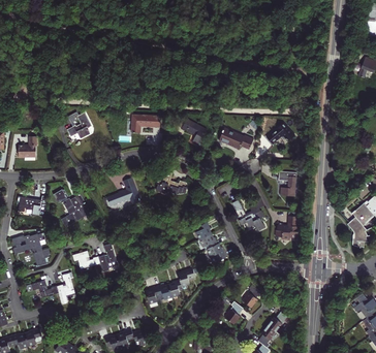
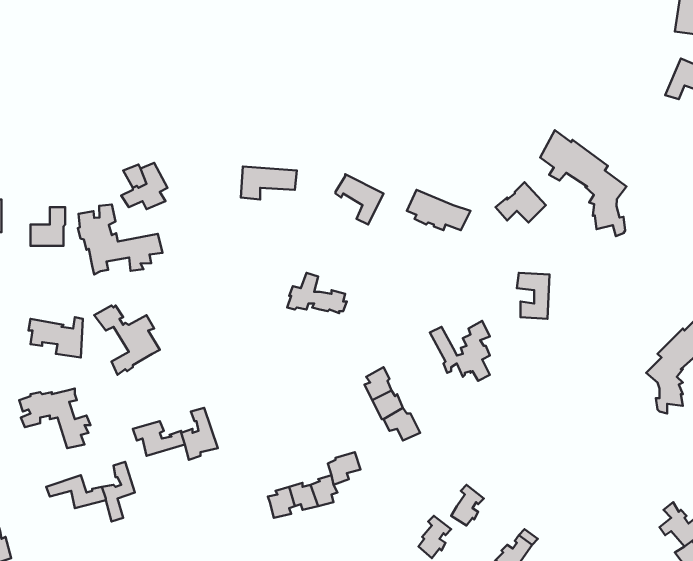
building: none -> [540,130,627,236]
building: none -> [78,204,162,275]
building: [106,178,139,205] -> none
building: [275,217,301,240] -> none

